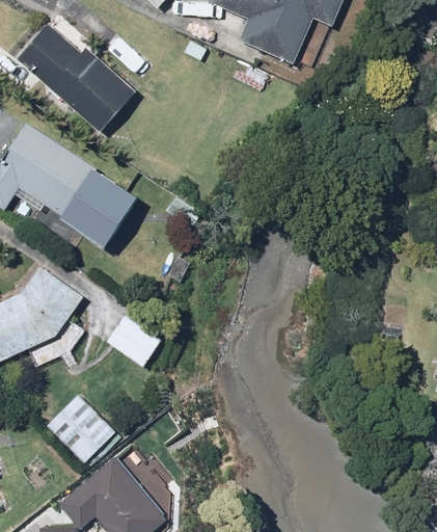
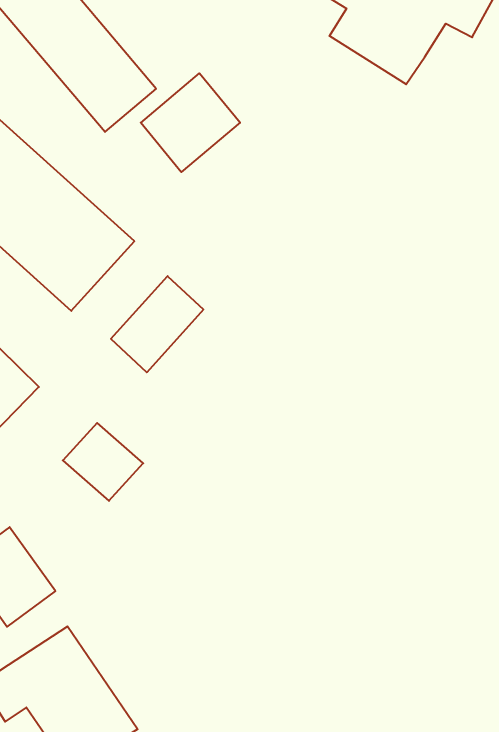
building: none -> [141,73,240,172]
building: none -> [111,276,203,372]

